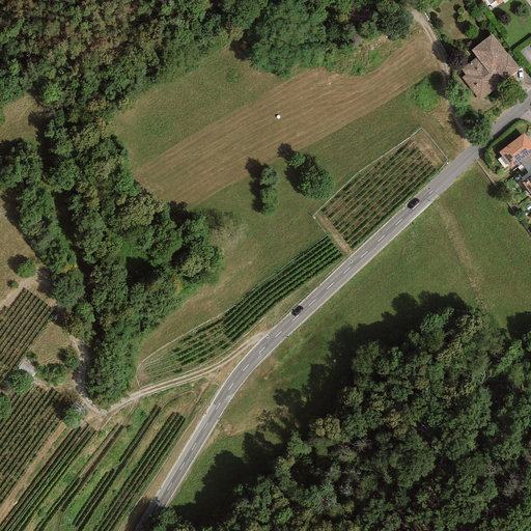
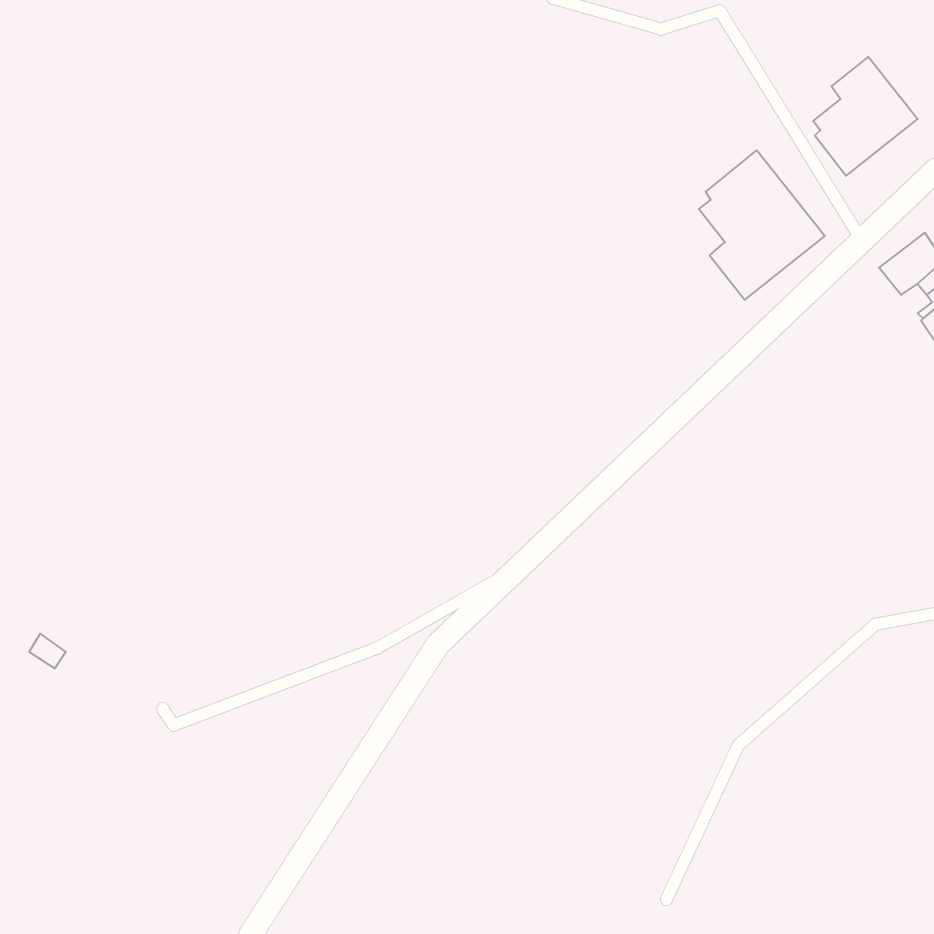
building: none -> [699,150,825,300]

